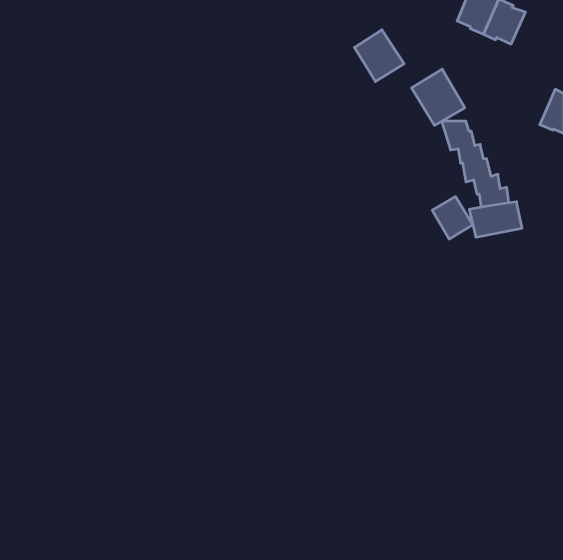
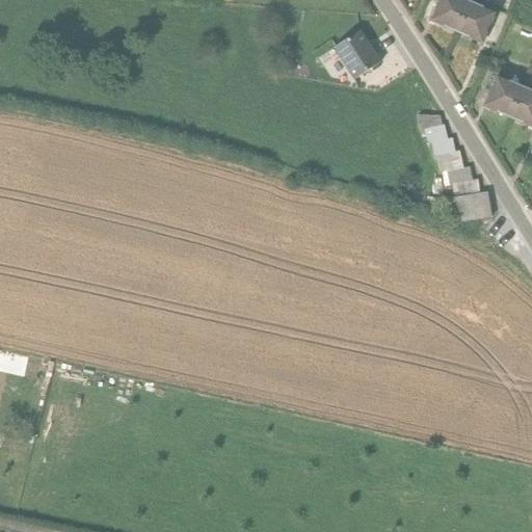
building: [412,69,465,125] -> none
building: none -> [484,75,524,117]
building: [432,197,473,239] -> none

